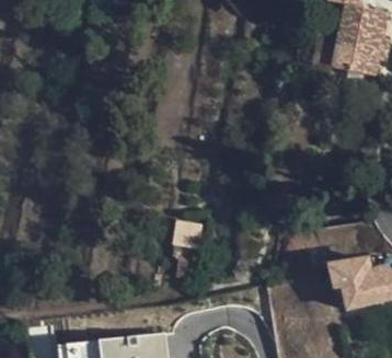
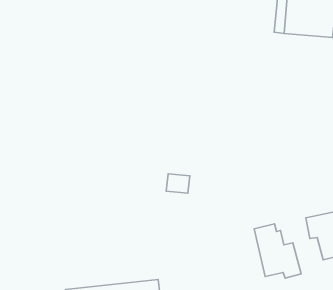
building: none -> [254,224,301,278]

